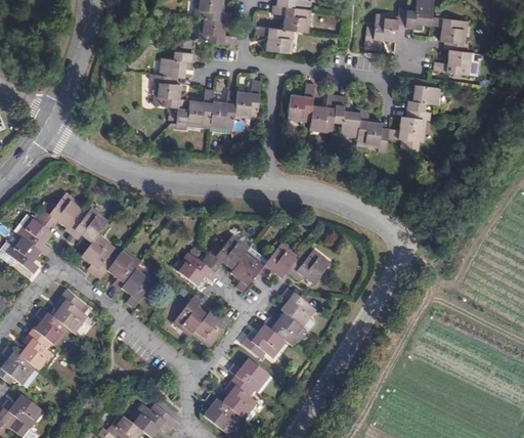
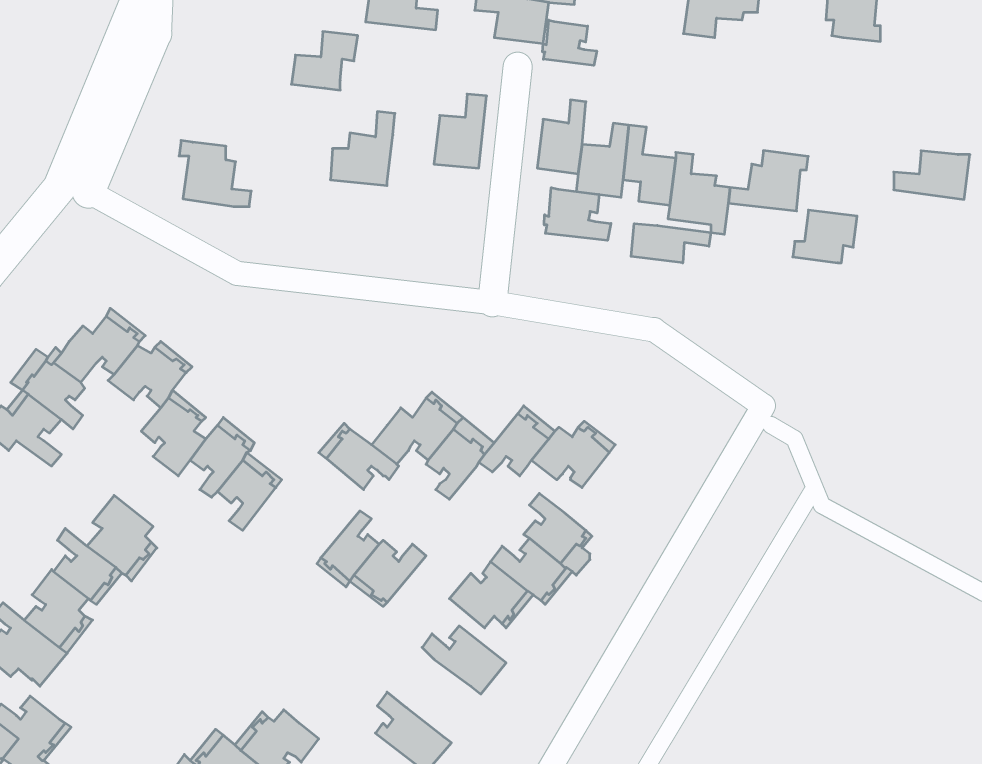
building: none -> [543,20,597,65]
building: [434,49,474,75] -> [894,151,970,199]
building: [151,73,189,107] -> [179,140,251,207]
building: [406,84,440,112] -> [793,210,857,263]
building: [209,89,236,128] -> none
building: none -> [544,188,611,240]
building: none -> [631,224,711,263]
building: [219,376,254,422] -> none

